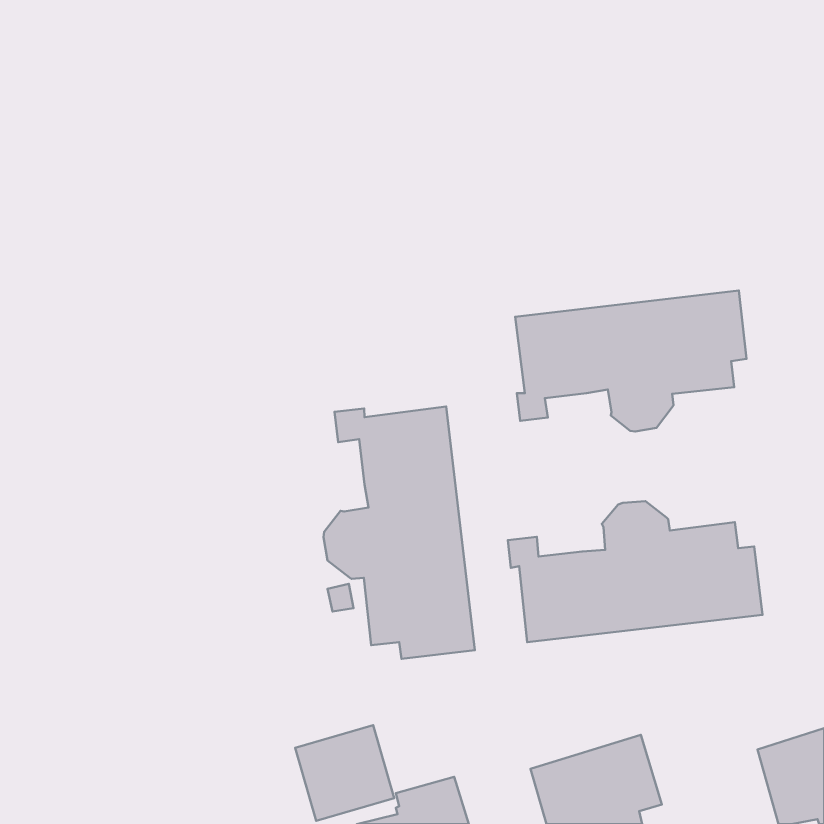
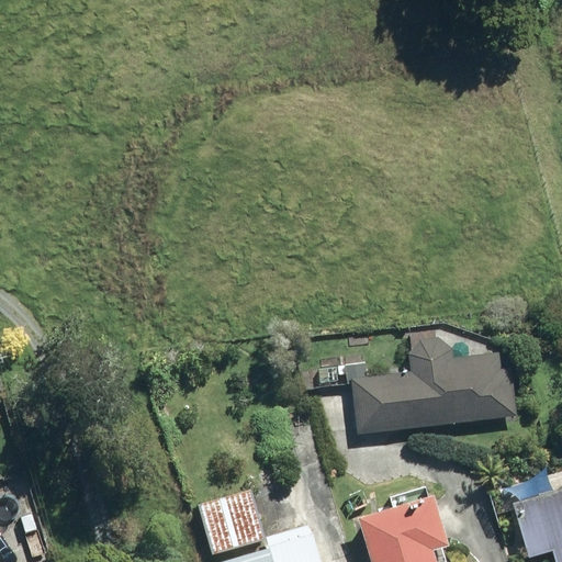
building: [515,291,747,431] -> none
building: [324,407,475,659] -> none

